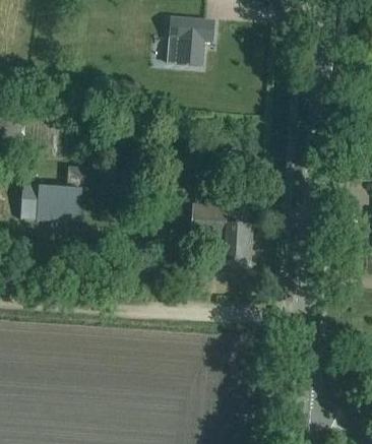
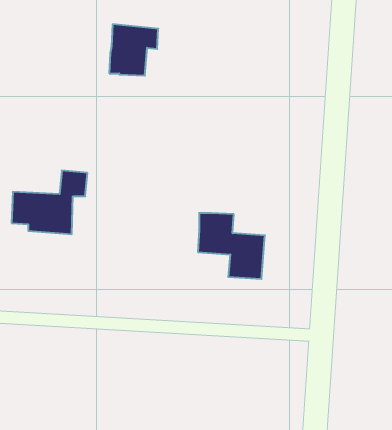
building: [169,16,213,63] -> [109,24,158,76]

